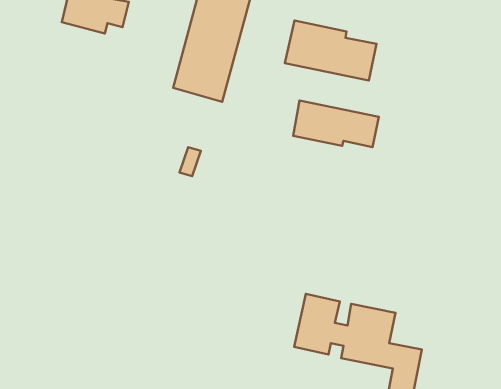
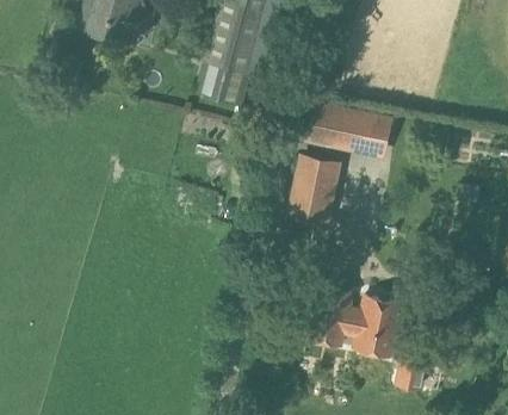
building: [285,21,376,81] -> none
building: none -> [293,156,339,221]

